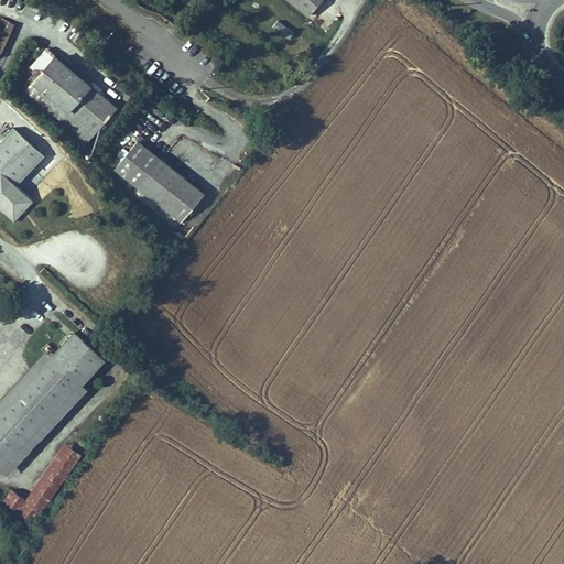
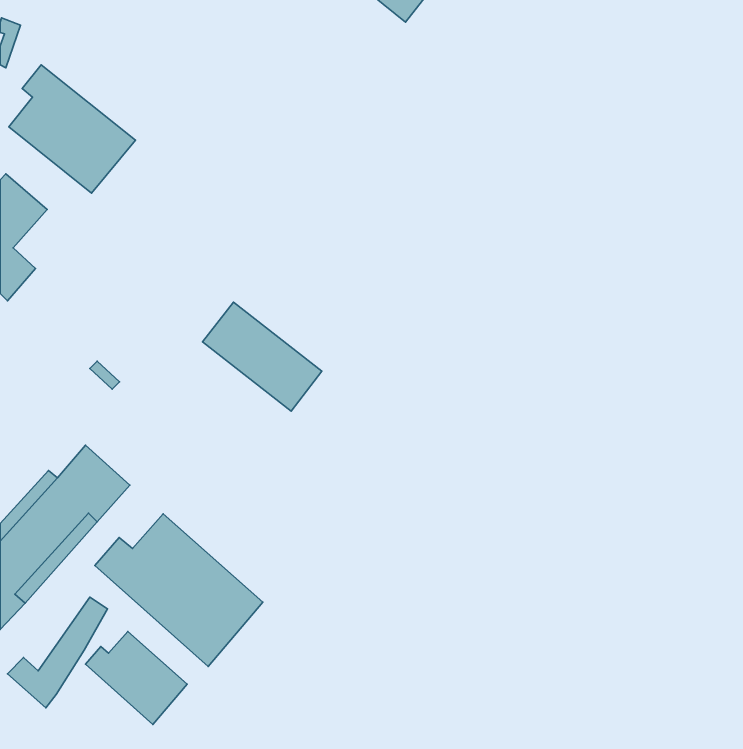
building: [108,135,197,217] -> [203,302,322,411]
building: none -> [95,514,263,667]
building: none -> [85,632,187,724]

